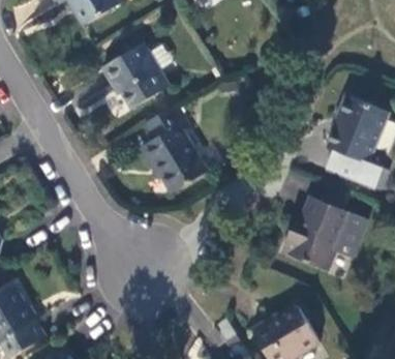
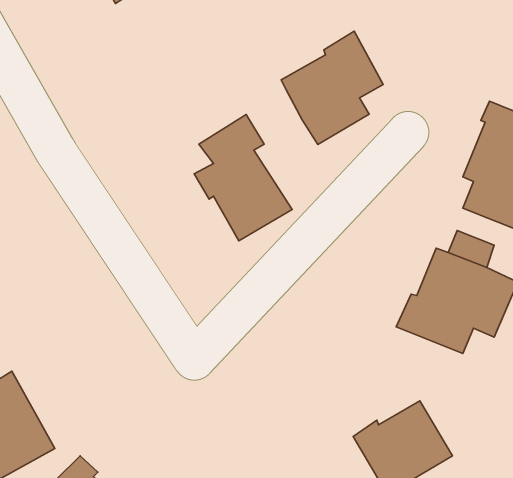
building: [101,42,168,108] -> none
building: none -> [281,31,383,144]

